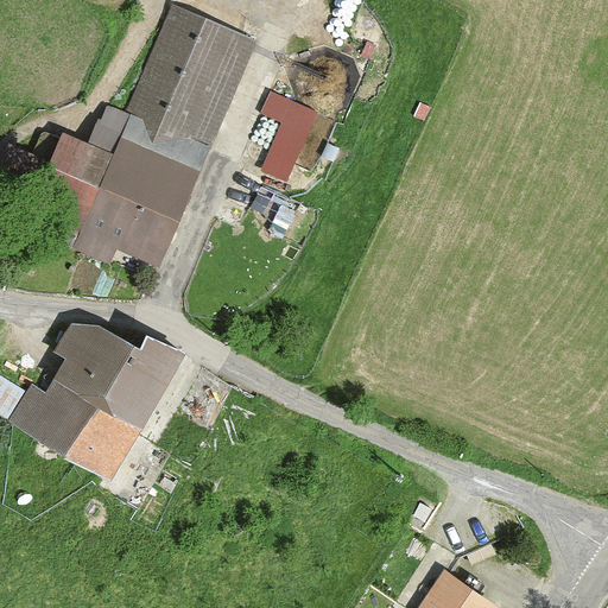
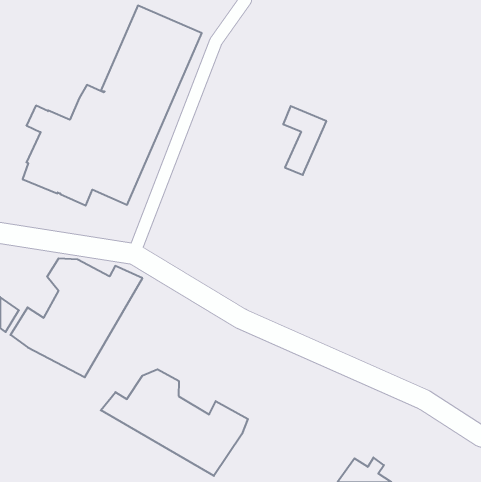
building: [262,91,317,178] -> [283,106,326,175]
building: none -> [101,369,248,476]

